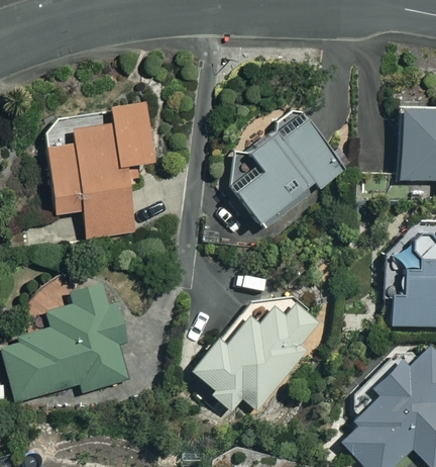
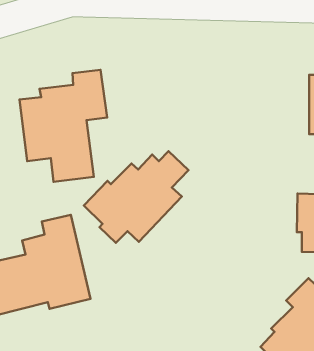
building: [232,114,347,231] -> none
building: [190,301,318,413] -> [84,151,188,243]

